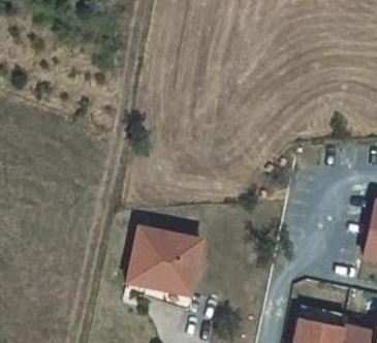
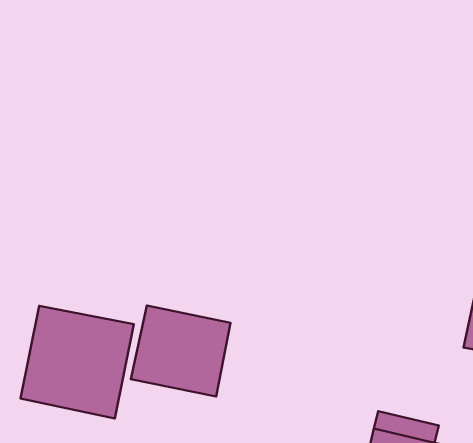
building: none -> [21,306,134,418]

